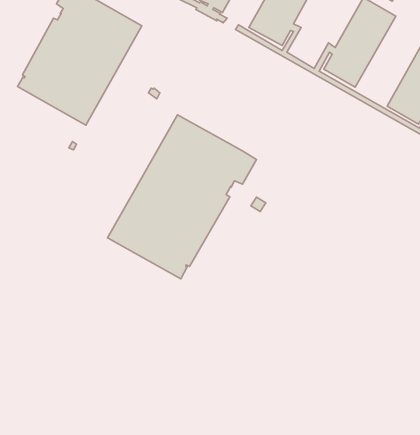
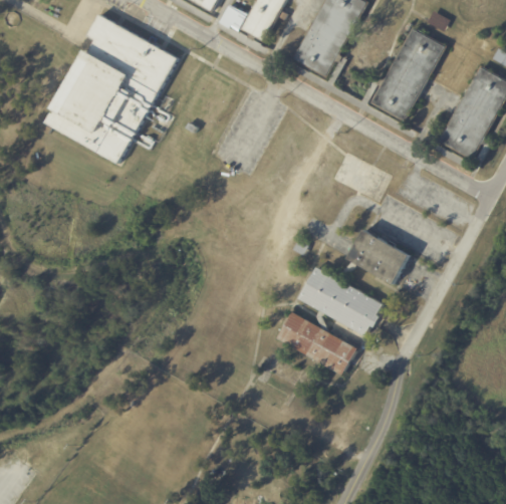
building: [108,115,256,279] -> none
building: none -> [278,229,410,374]

